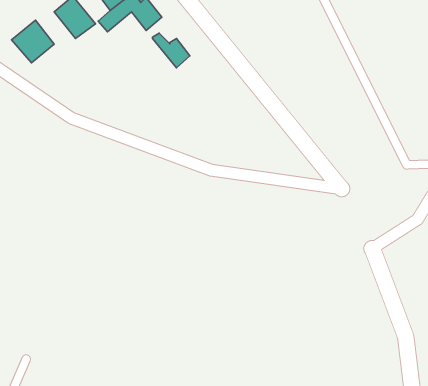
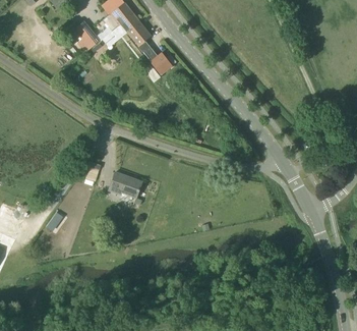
building: [11,20,54,63] -> none
building: none -> [108,172,141,197]

